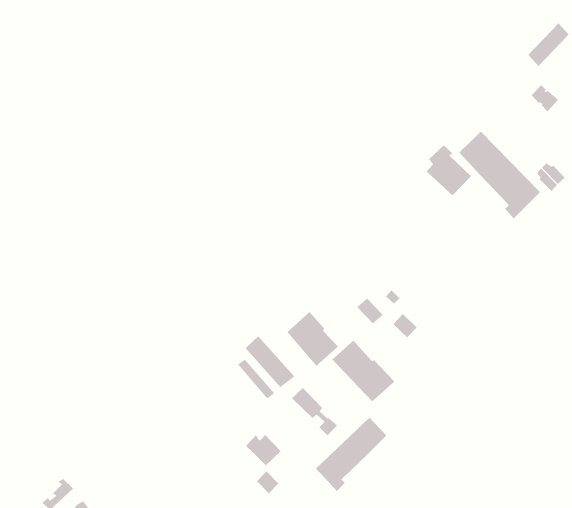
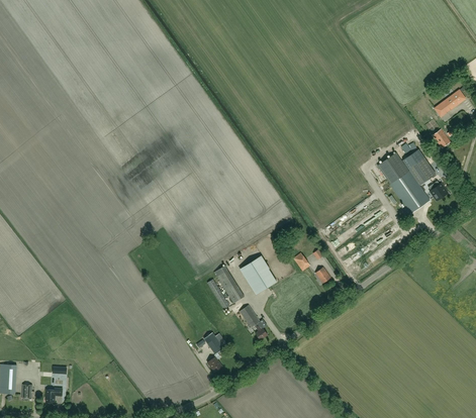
building: [426,144,472,196] -> [404,149,435,185]
building: [332,340,394,402] -> none
building: [315,417,387,492] -> none

